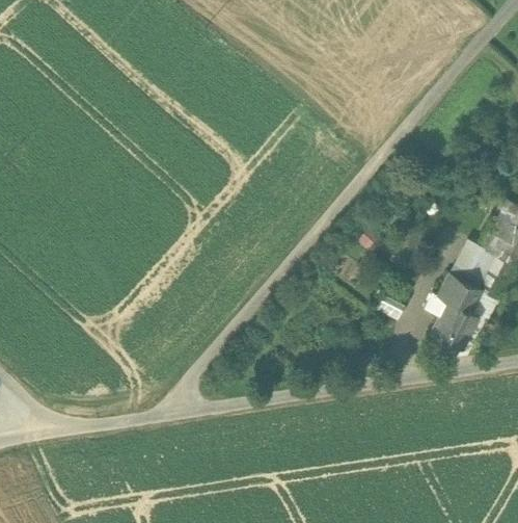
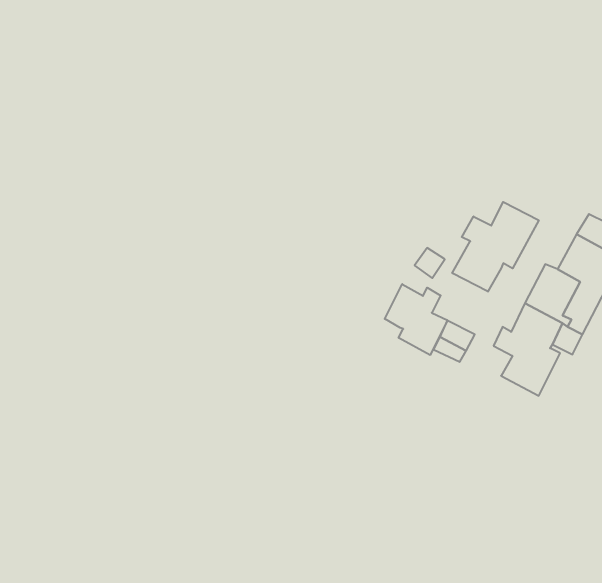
building: none -> [452,202,539,292]
building: none -> [385,284,447,355]

